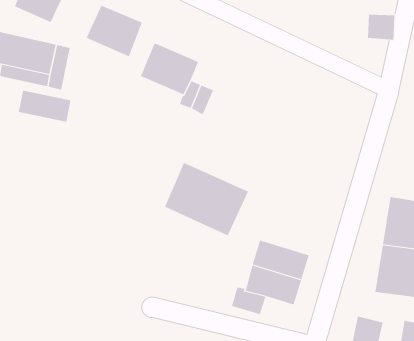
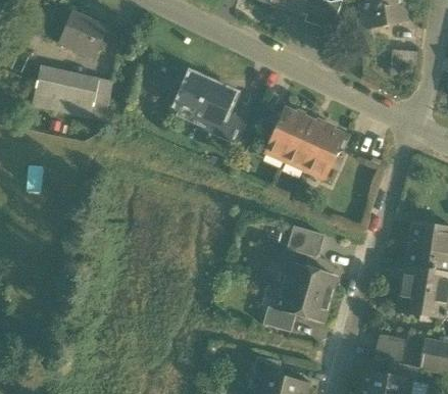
building: [86,5,143,57] -> none
building: [18,90,71,122] -> none
building: [164,162,249,236] -> [265,108,345,178]
building: none -> [287,225,325,256]

